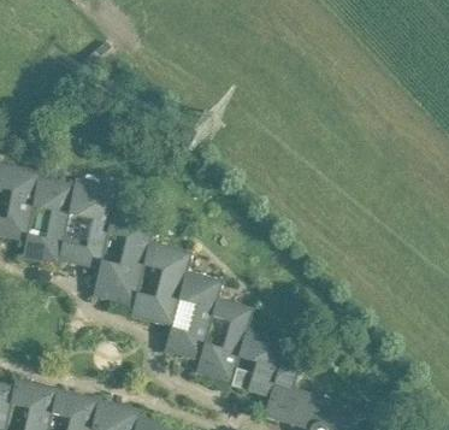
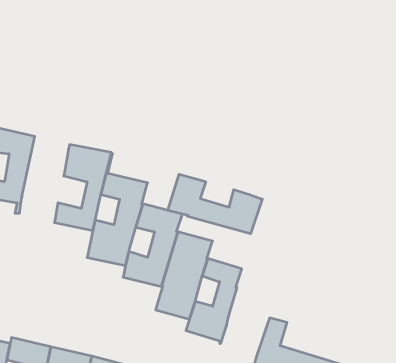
building: [22,171,73,266] -> none
building: none -> [168,174,262,234]
building: [231,328,288,397] -> none

